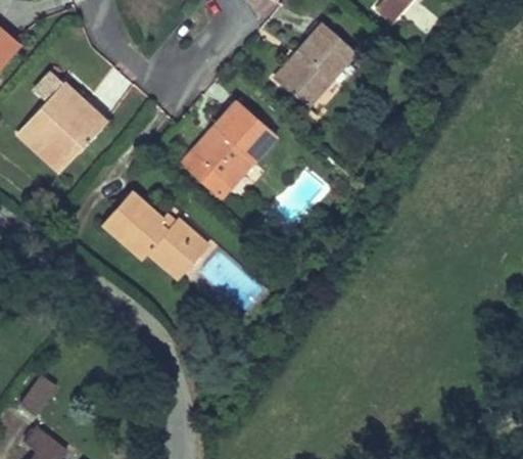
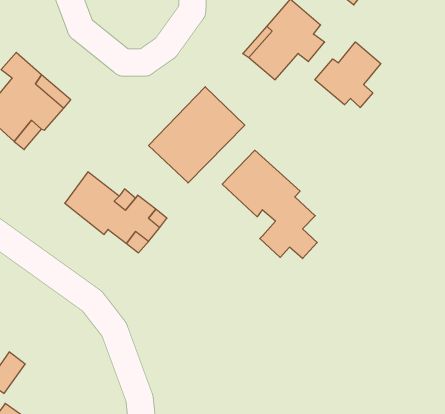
building: none -> [315,42,381,108]
building: none -> [222,150,317,259]

